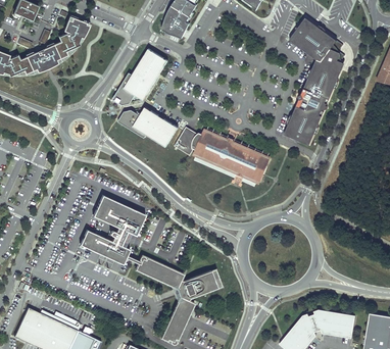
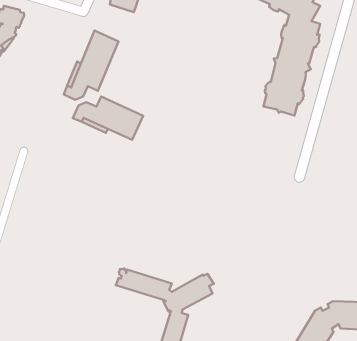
building: [175,127,267,181] -> none
building: [81,197,145,266] -> none

